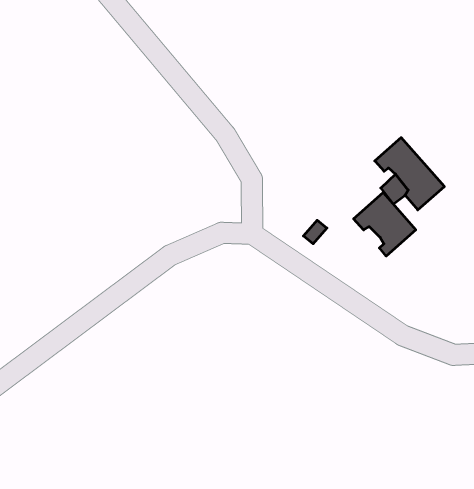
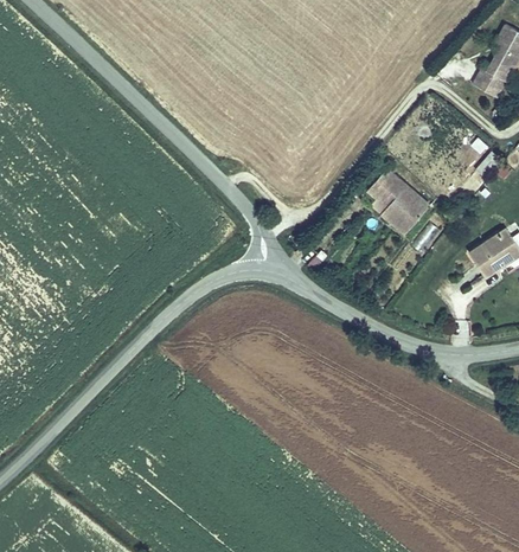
building: [354,193,416,256] -> none

